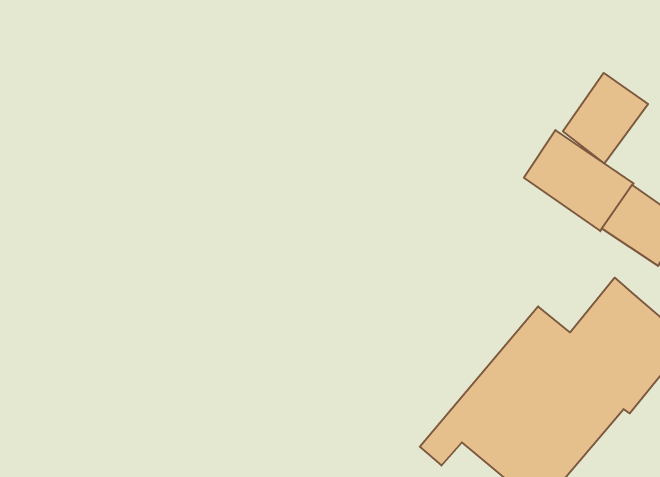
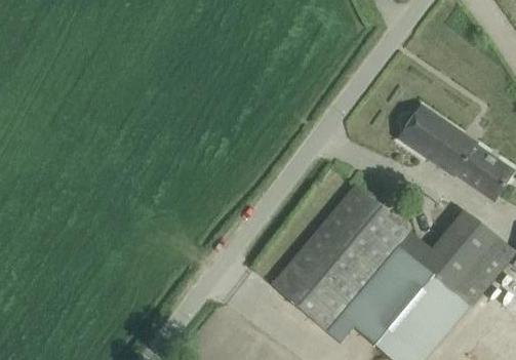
building: [563,73,648,164] -> none
building: none -> [272,184,409,329]

